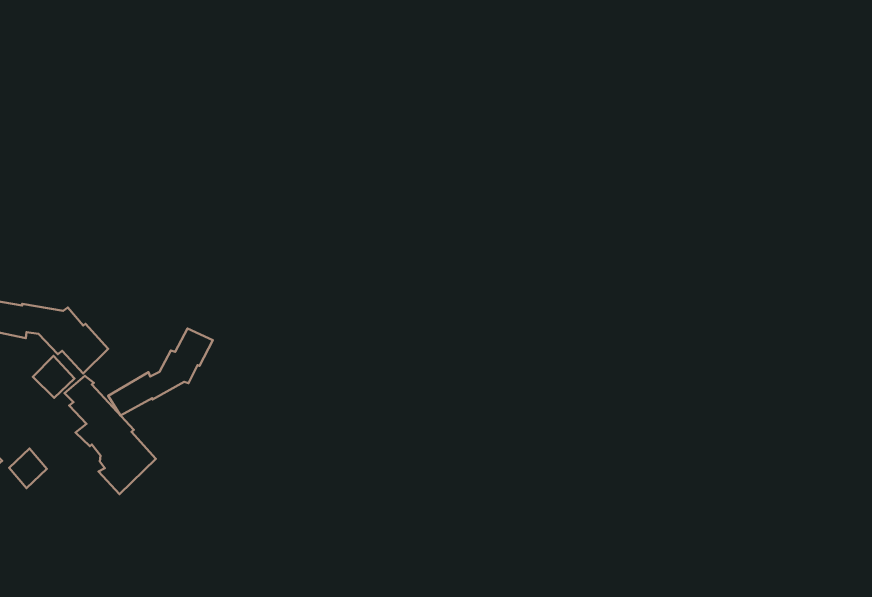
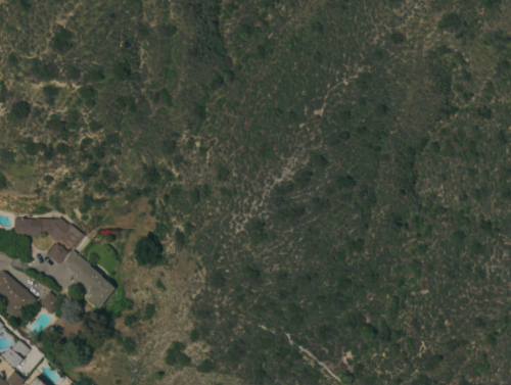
building: [108,328,213,416] -> none

